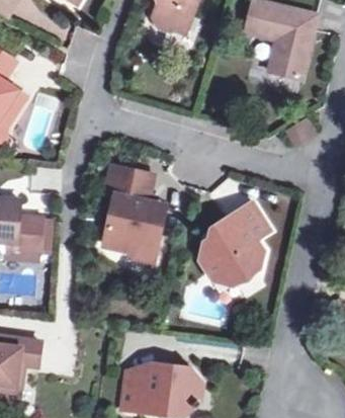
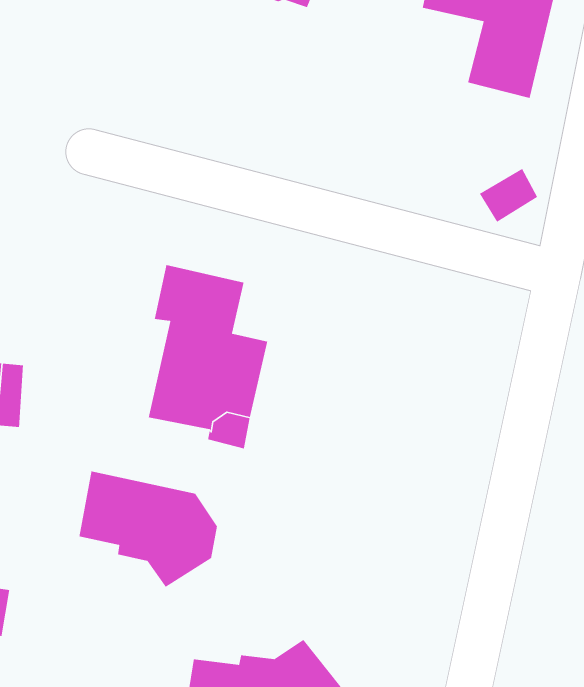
building: [200,201,271,284] -> none
building: none -> [78,470,218,588]

